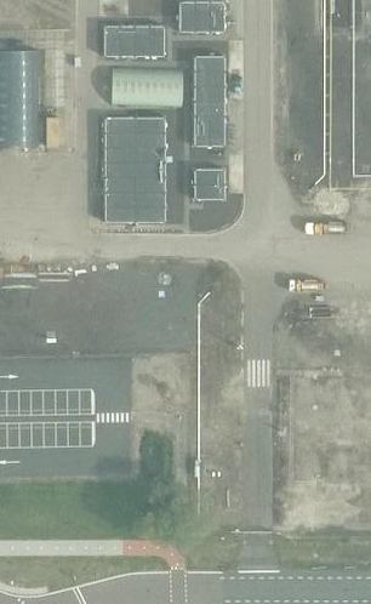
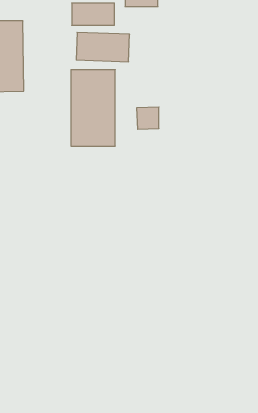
building: [193,56,224,146] -> none

